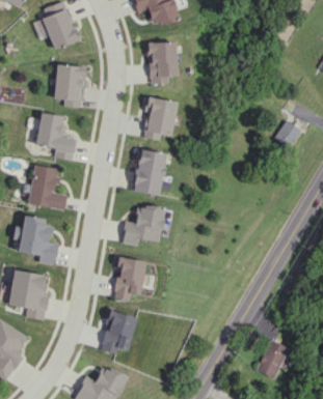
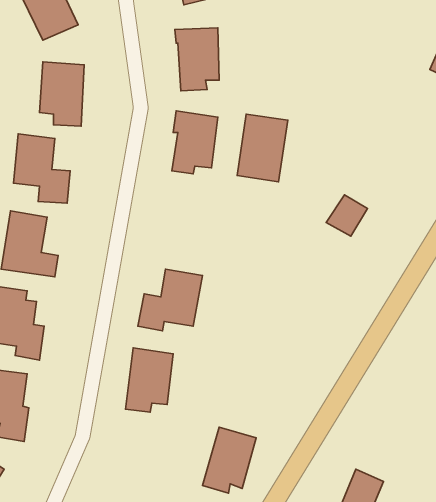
building: [272,120,300,148] -> [326,195,368,236]
building: [131,149,165,195] -> [237,114,288,182]
building: [99,310,135,354] -> [202,427,256,493]

